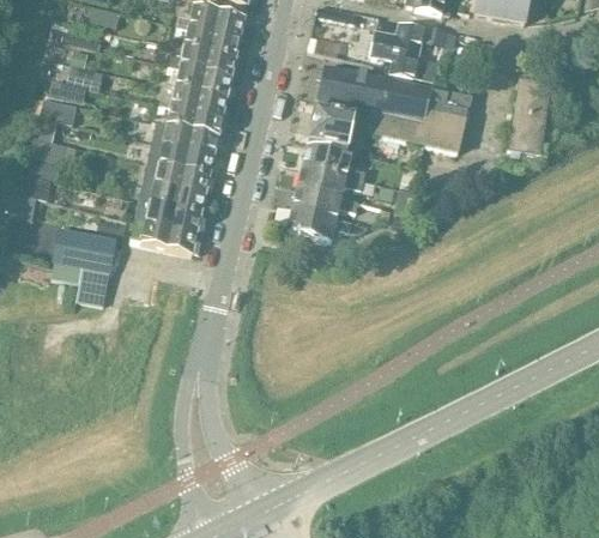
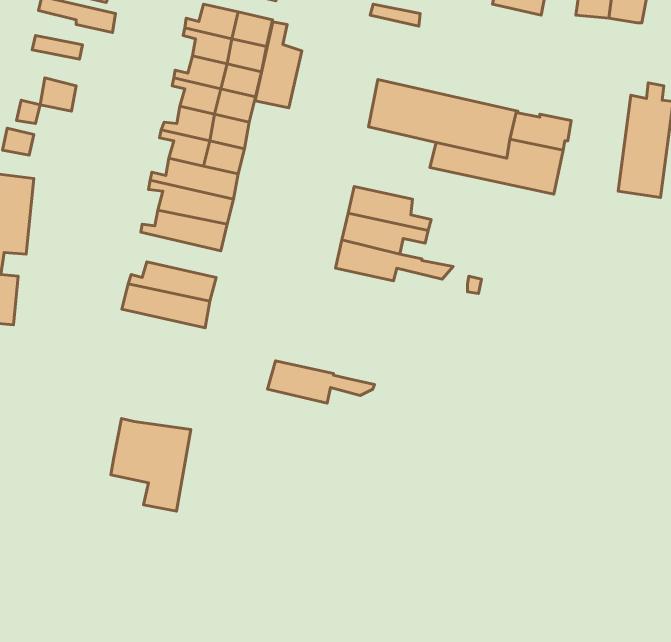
building: [371,17,423,75] -> none
building: none -> [255,22,302,108]
building: [309,105,356,150] -> none
building: [144,179,206,213] -> none
building: [288,206,369,238] -> [268,361,374,403]
building: [54,230,115,301] -> [111,418,191,511]

